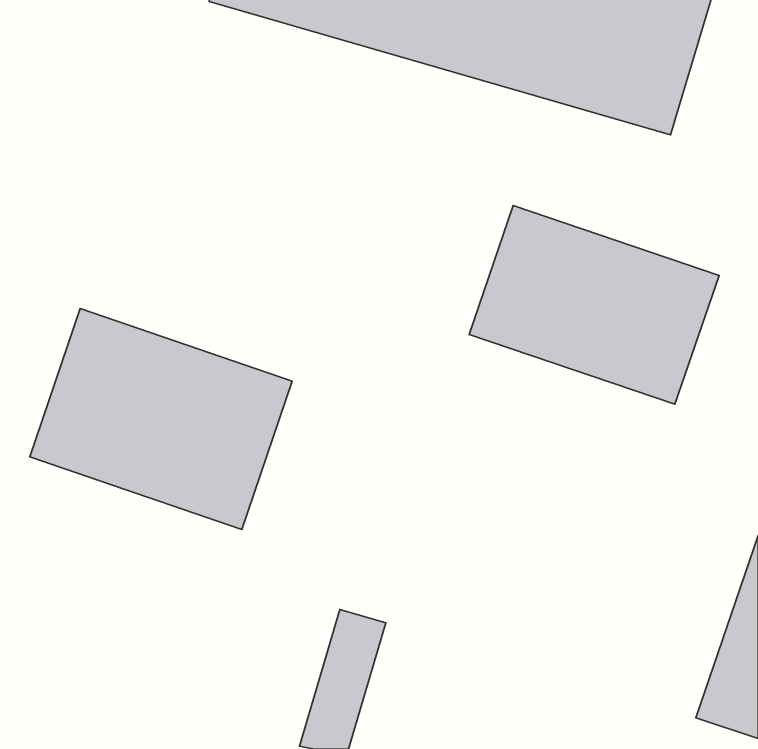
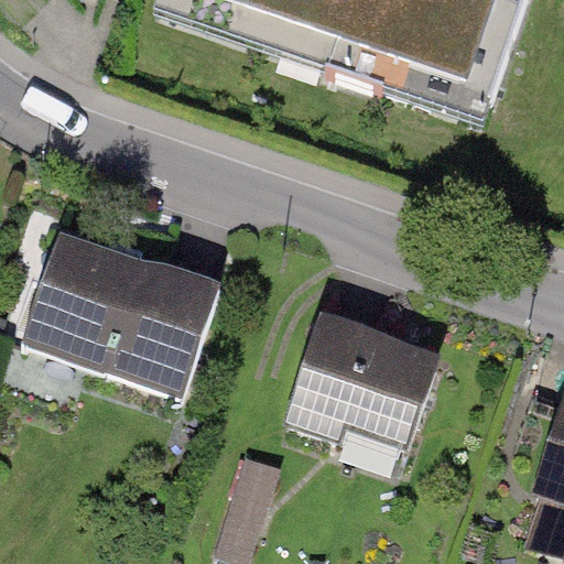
building: [469,206,719,404] -> none
building: none -> [289,310,442,441]

